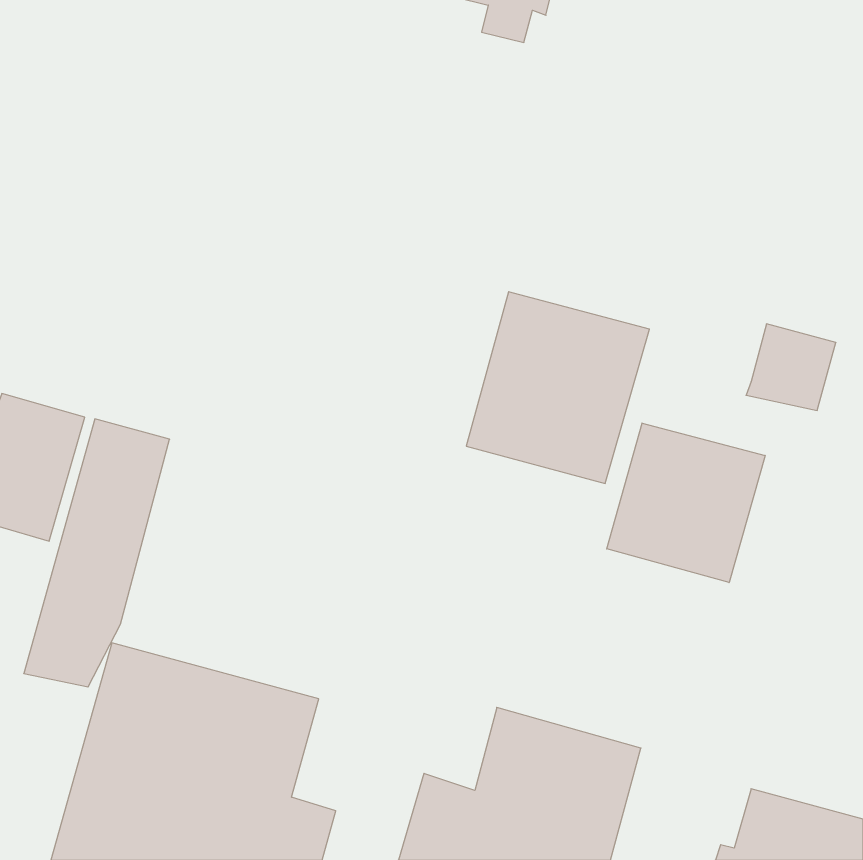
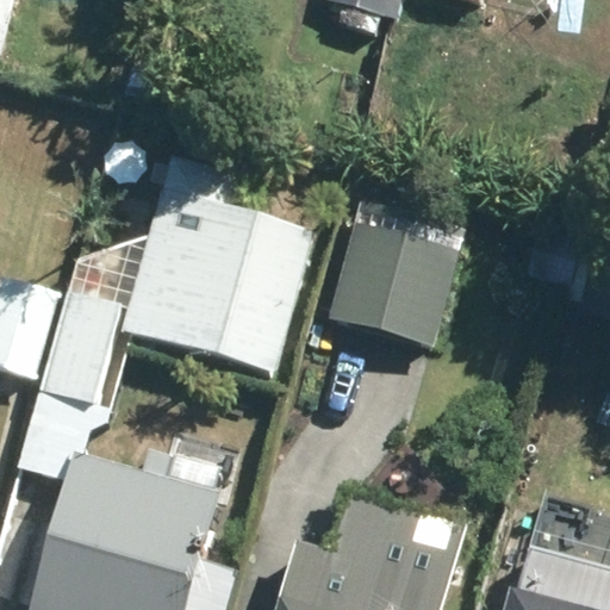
building: none -> [123,193,317,378]
building: [607,423,765,583] -> none

